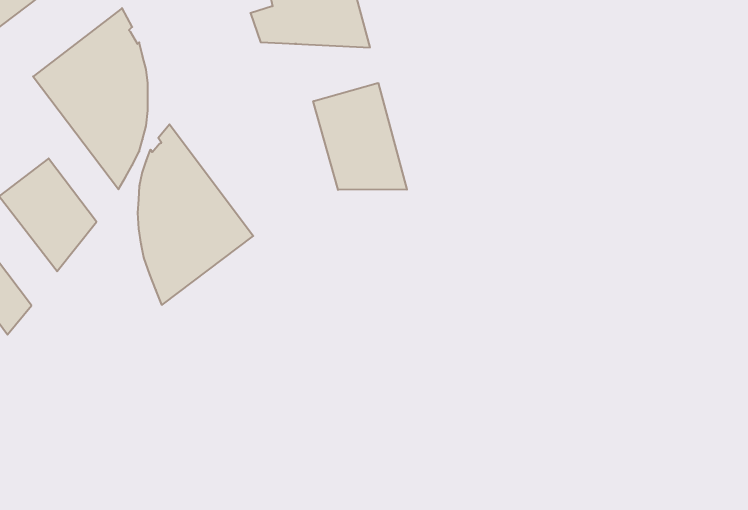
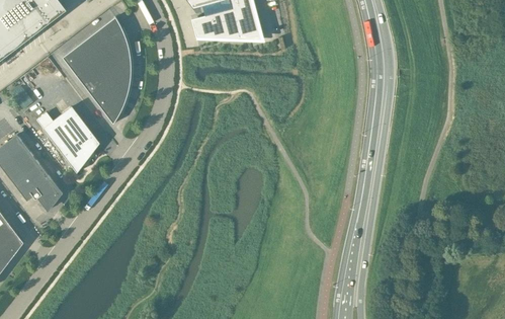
building: [313,83,407,190] -> none
building: [138,124,253,305] -> none

